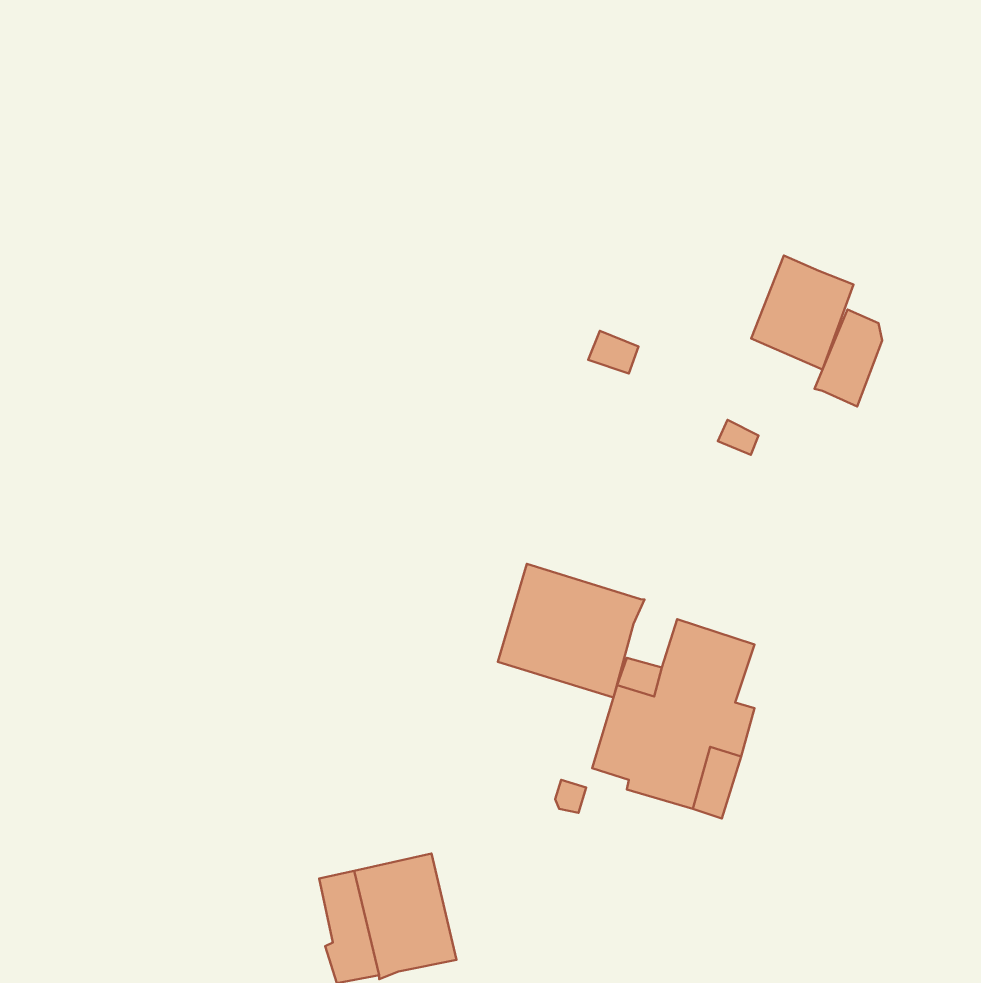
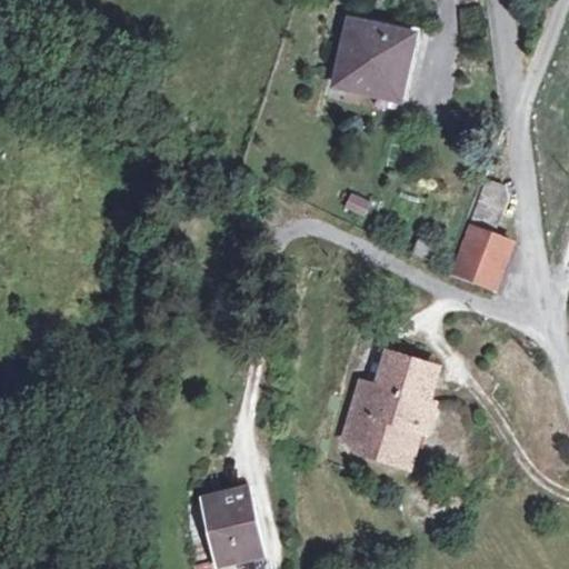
building: none -> [333,19,412,98]
building: [751,255,854,370] -> [453,224,512,290]
building: [498,564,645,698] -> none

